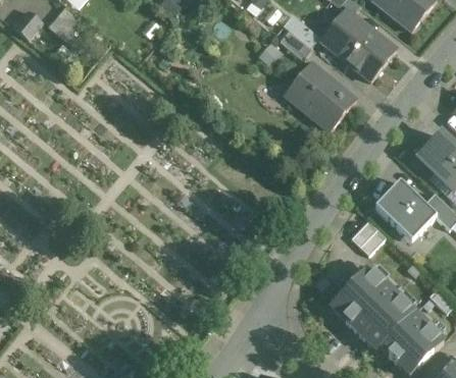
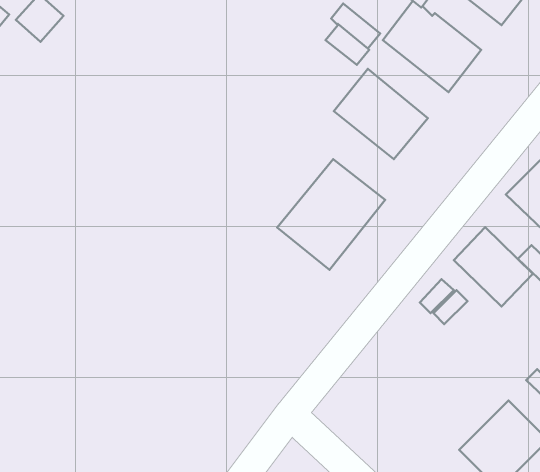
building: none -> [277,159,385,270]
building: [330,259,421,350] -> none

